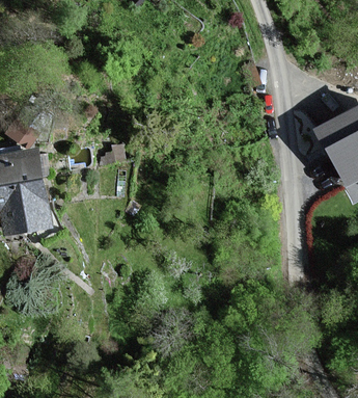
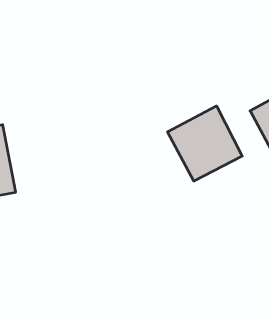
building: none -> [168,106,242,181]

